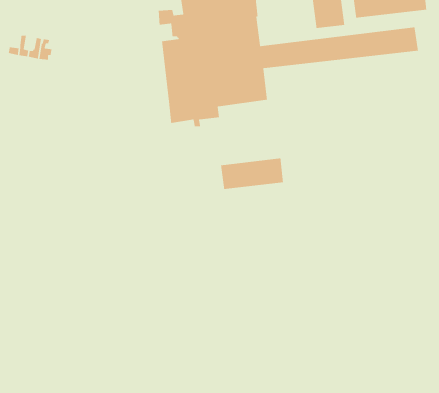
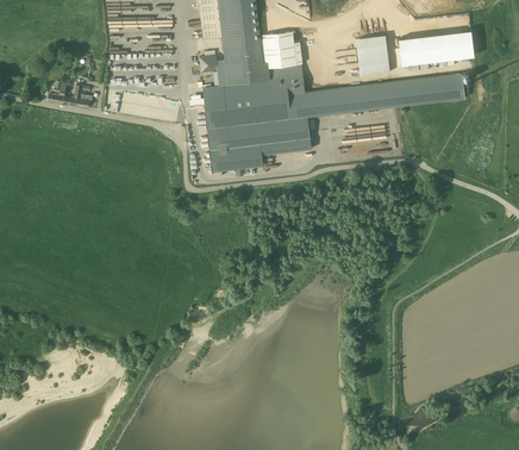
building: [220,158,284,190] -> none

